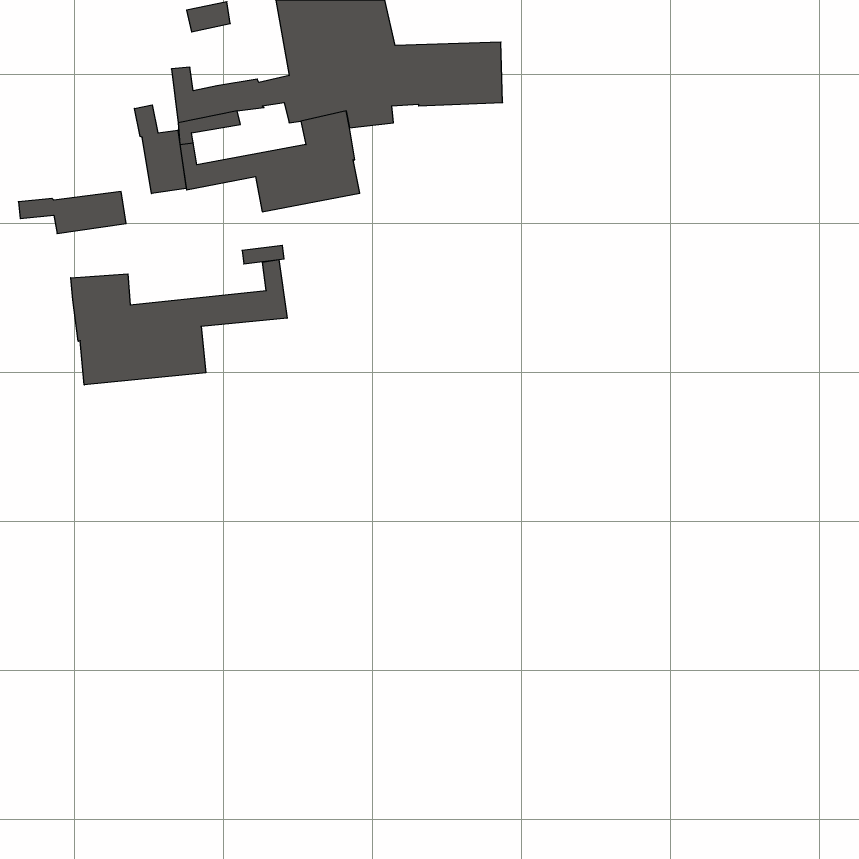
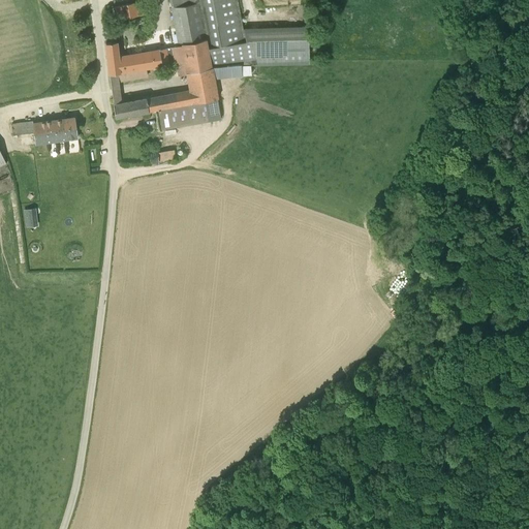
building: [134,105,186,194] -> none
building: [71,260,287,385] -> none

